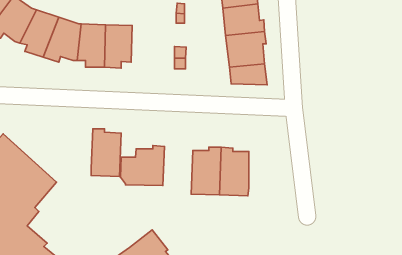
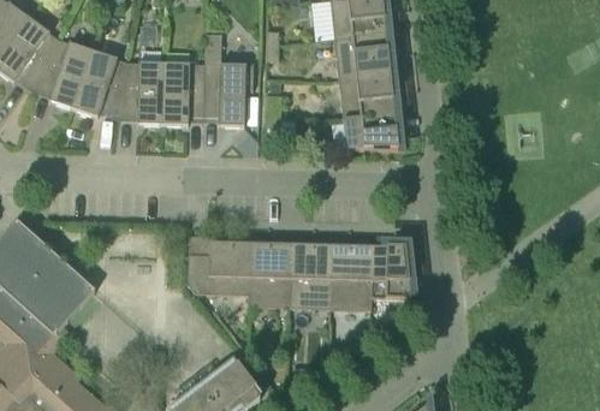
building: none -> [202,34,253,126]
building: [91,129,121,176] -> [248,238,291,306]
building: none -> [372,245,412,298]

